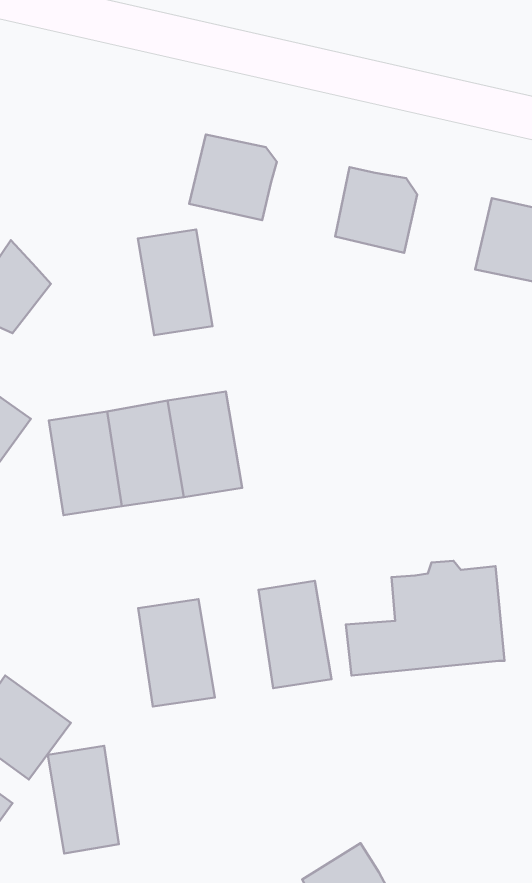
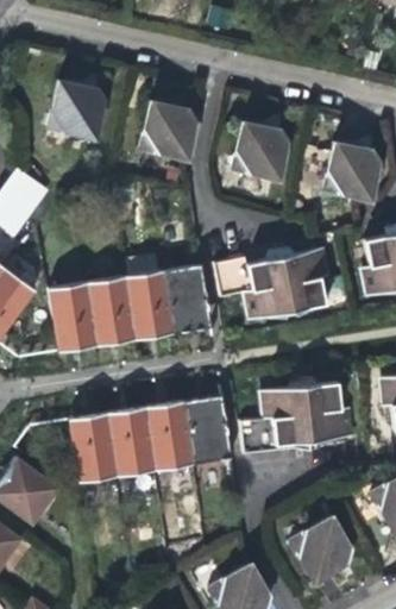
building: none -> [48,82,101,138]
building: [138,229,212,335] -> [163,264,212,333]
building: none -> [214,249,325,318]
building: none -> [145,400,194,470]
building: [48,746,119,853] -> [69,412,115,482]
building: none -> [293,519,352,584]

